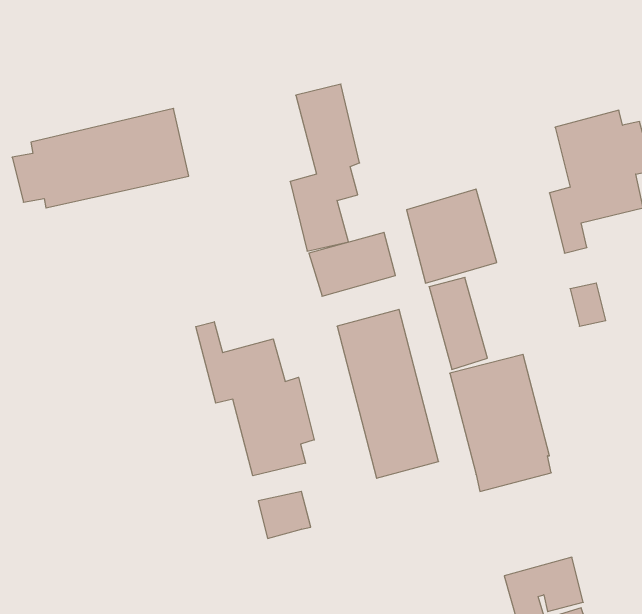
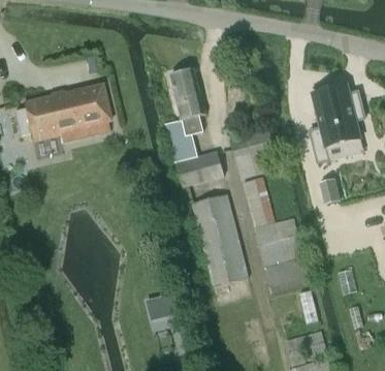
building: [196,322,314,476] -> none

